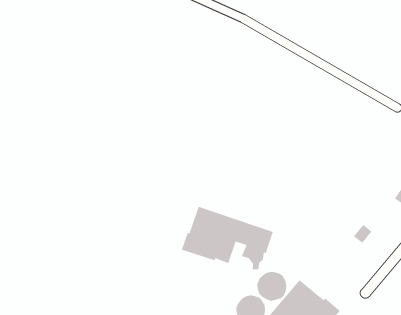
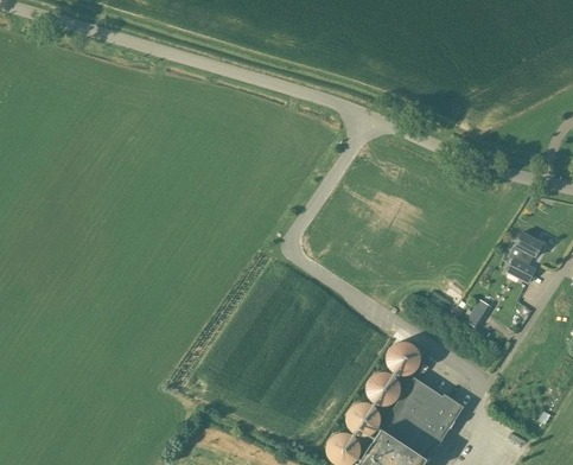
building: [181,206,274,270] -> none
building: none -> [386,340,420,375]

